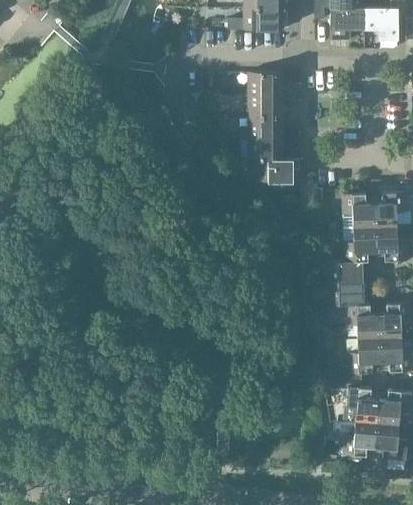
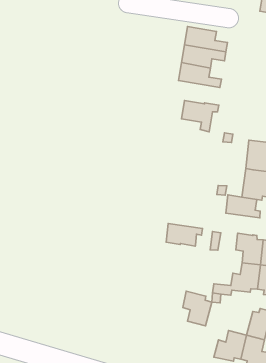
building: [249,137,299,159] -> none
building: [330,282,371,305] -> [166,224,202,246]
building: [348,385,381,422] -> [183,291,212,326]

